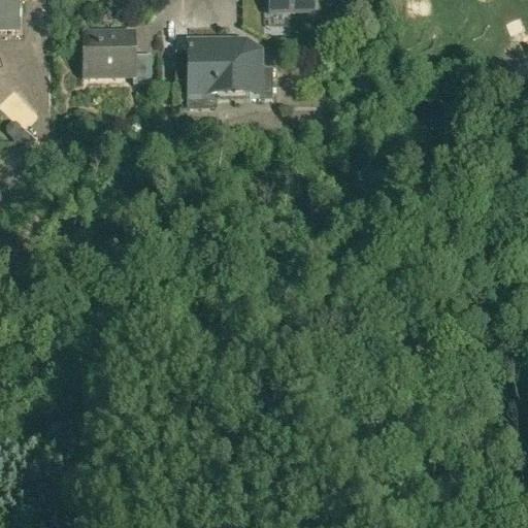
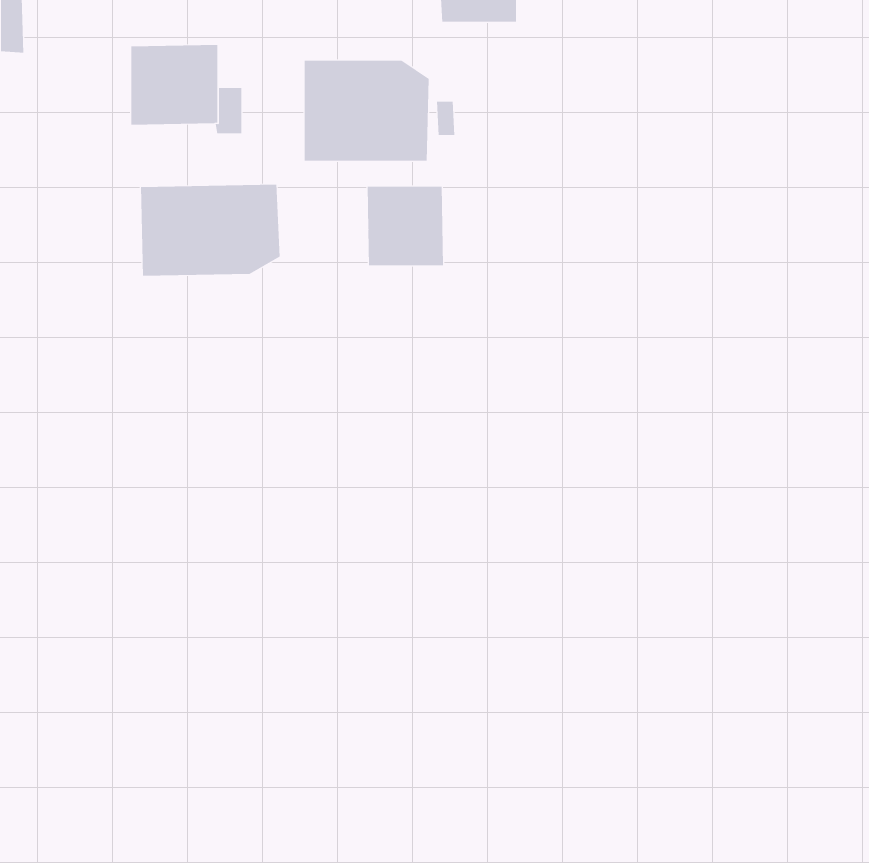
building: none -> [141,184,280,277]
building: none -> [367,186,443,266]

